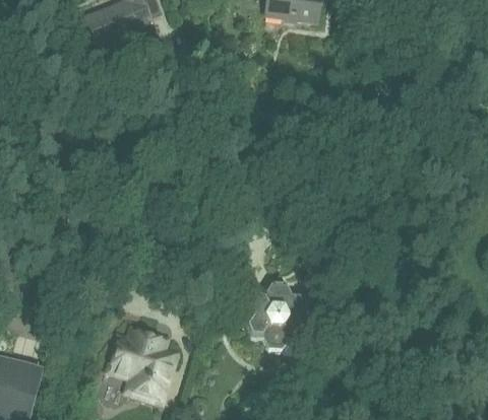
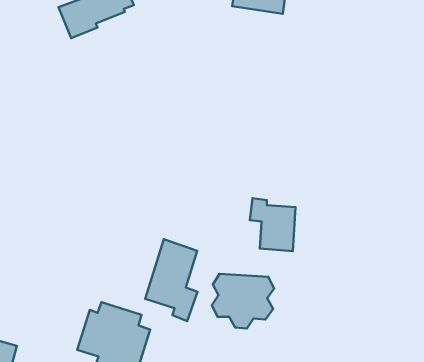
building: none -> [250,198,295,251]
building: none -> [145,239,198,321]

